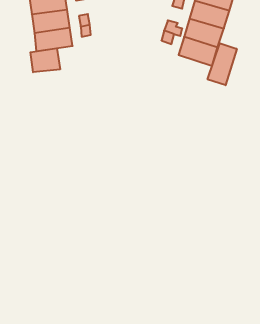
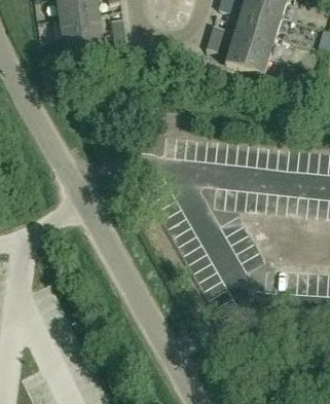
building: [208,43,237,85] -> none
building: [30,48,60,72] -> none

